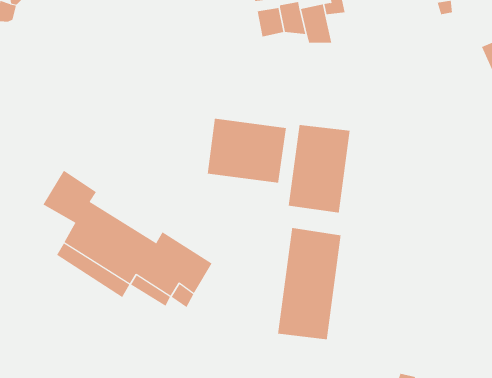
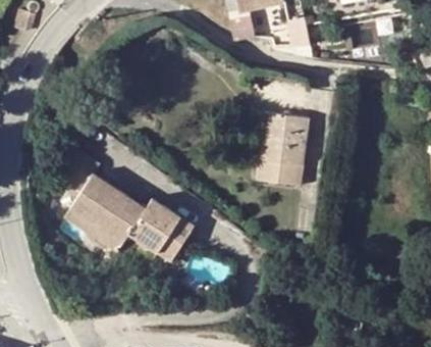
building: [207,118,287,184] -> none
building: [277,227,341,340] -> none

